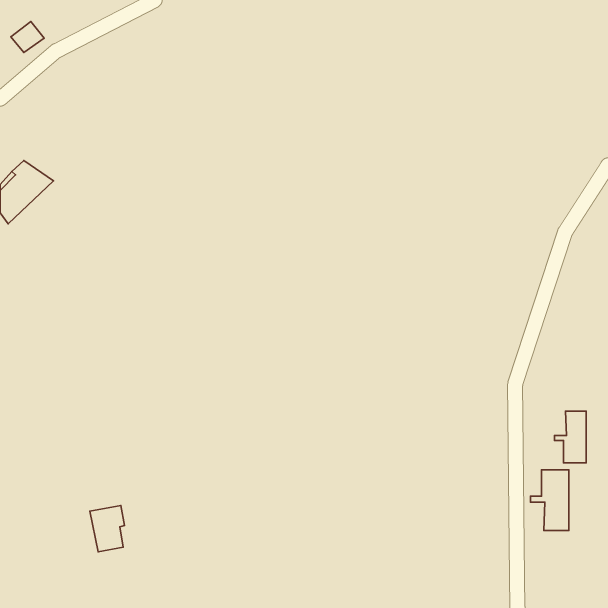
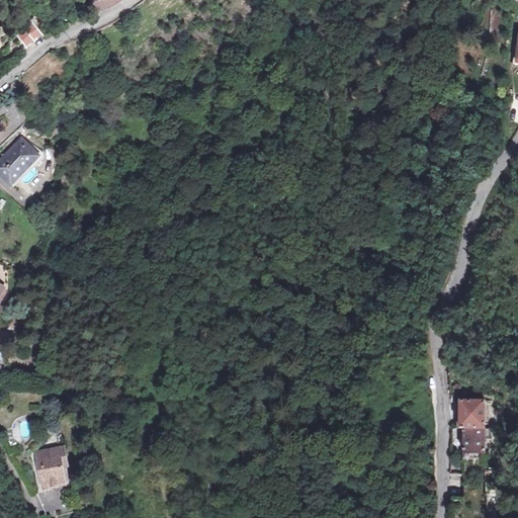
building: [555,411,586,463] -> none
building: [90,505,124,552] -> [34,449,64,489]

